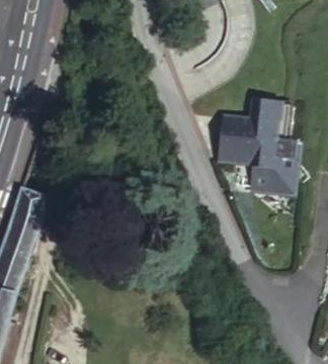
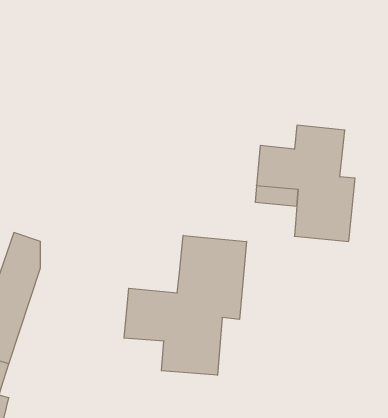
building: none -> [124,235,246,375]

